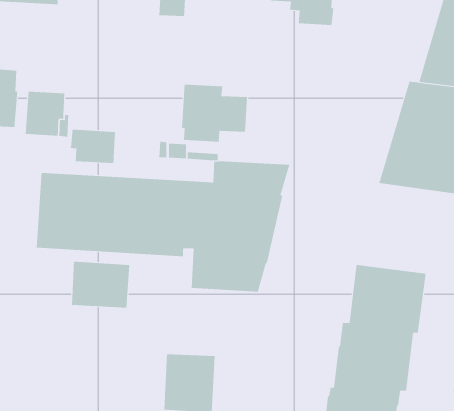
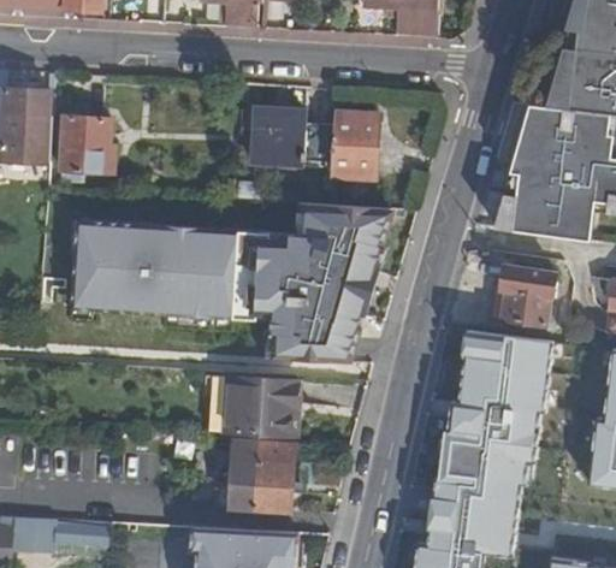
building: none -> [331,113,379,178]
building: [70,129,115,164] -> none
building: none -> [502,265,556,324]
building: [71,261,130,308] -> [226,378,298,436]

